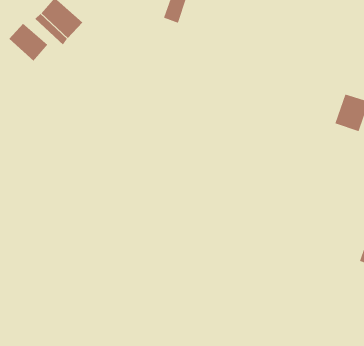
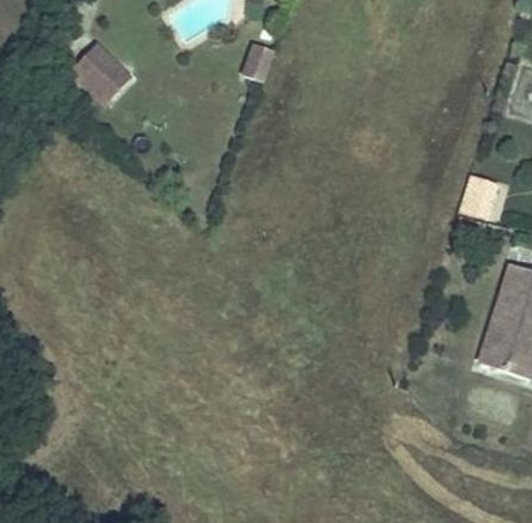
building: [9,23,48,61] -> none

